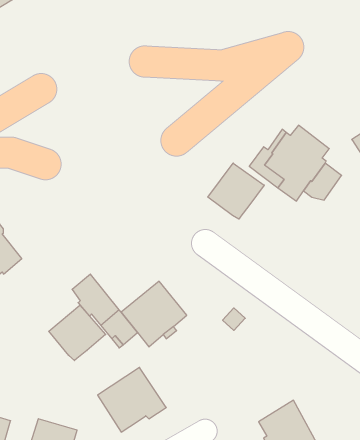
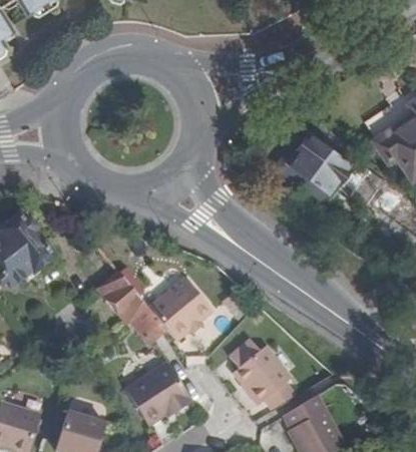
building: [208,163,264,219] -> none
building: [49,305,106,361] -> none
building: none -> [230,339,296,409]

